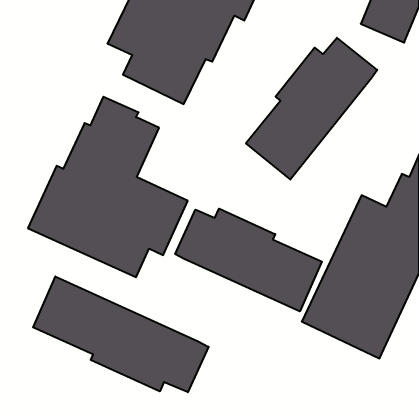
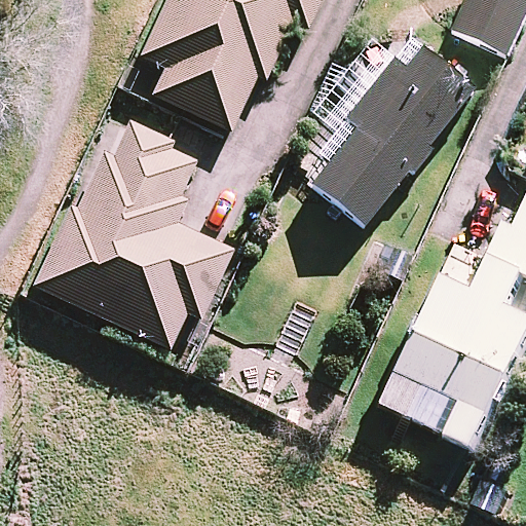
building: [175,209,322,311] -> none
building: [33,276,209,392] -> none

